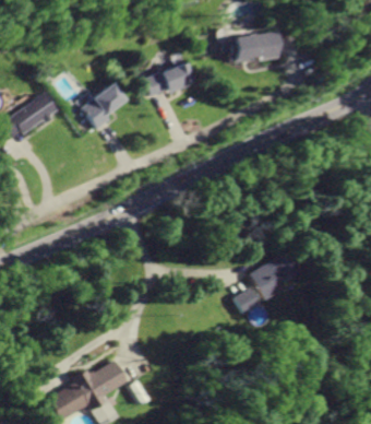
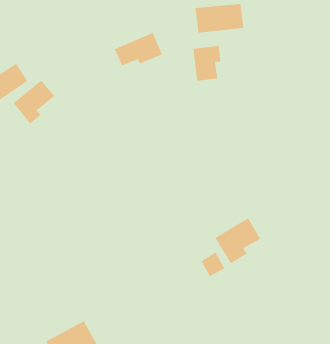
building: none -> [193,45,221,81]
building: [82,83,125,129] -> [13,80,55,124]

